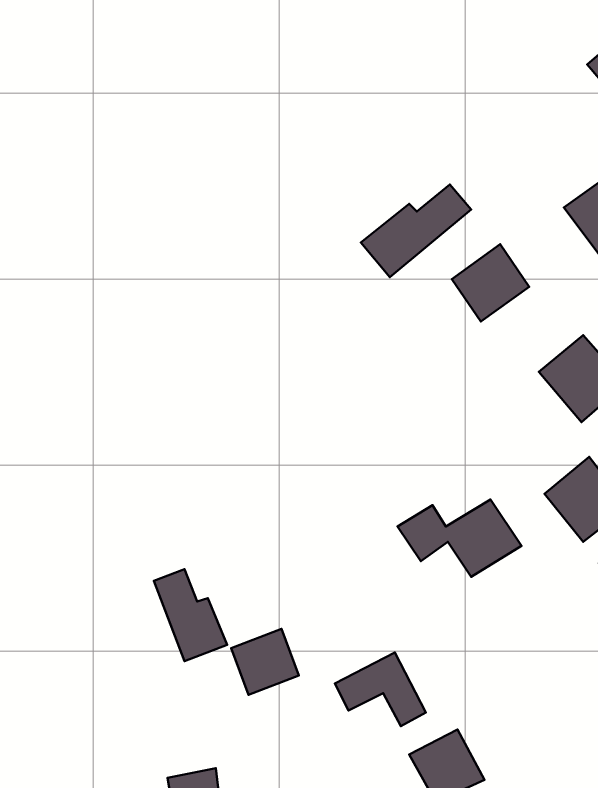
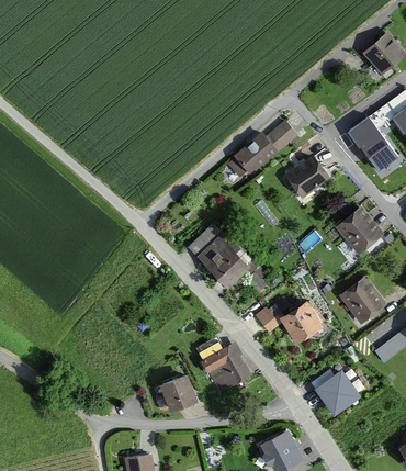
building: none -> [188,223,253,289]
building: [154,569,227,661] -> none
building: none -> [315,366,361,412]
building: [335,653,426,726] -> [201,340,252,382]

